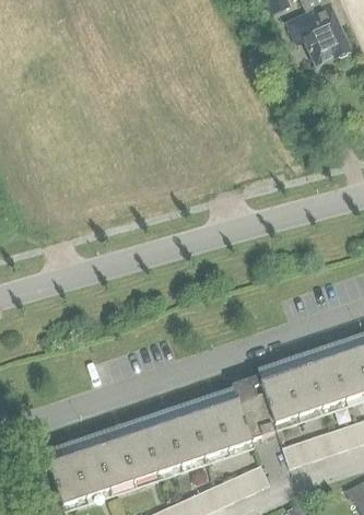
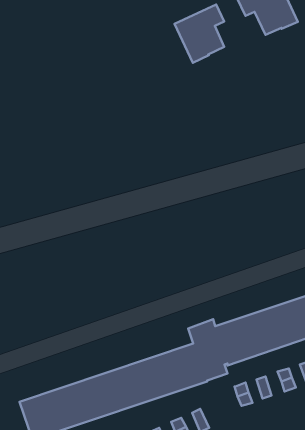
building: none -> [174,4,224,63]

